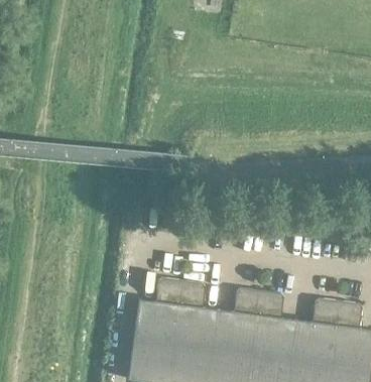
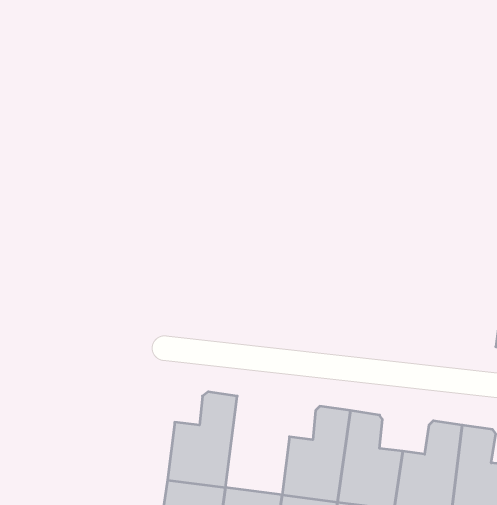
building: [173,281,218,350] -> none

